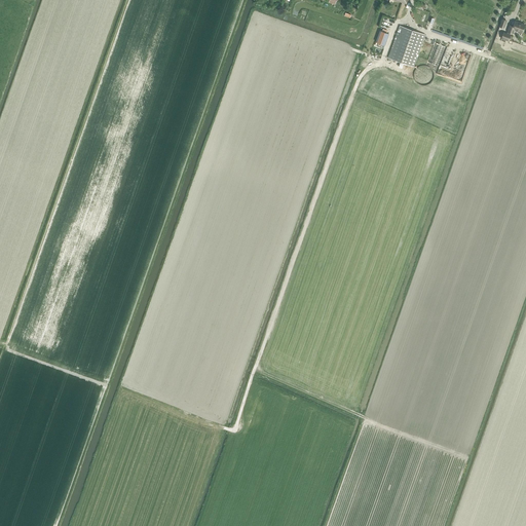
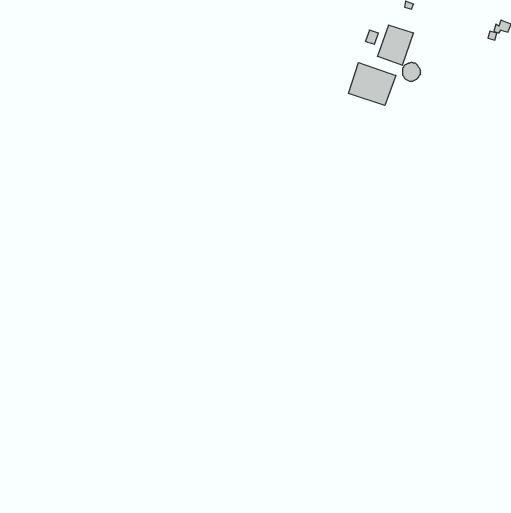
building: none -> [348,63,396,105]

